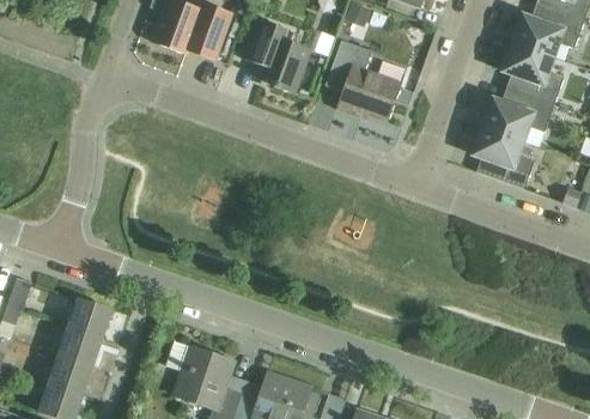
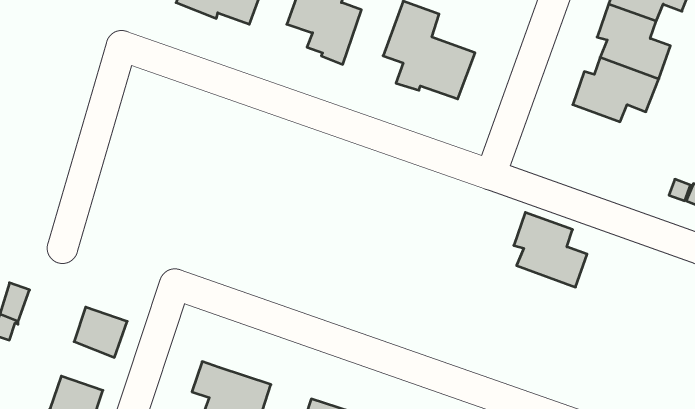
building: [474,127,535,189] -> [514,212,587,287]
building: [57,324,102,365] -> none

